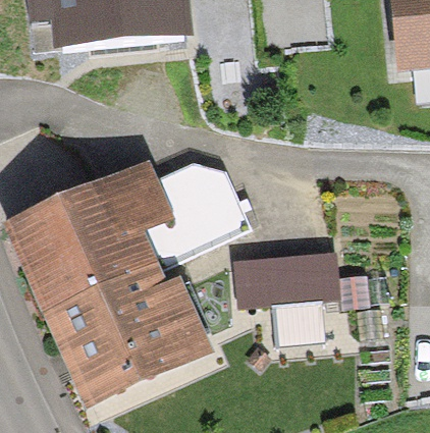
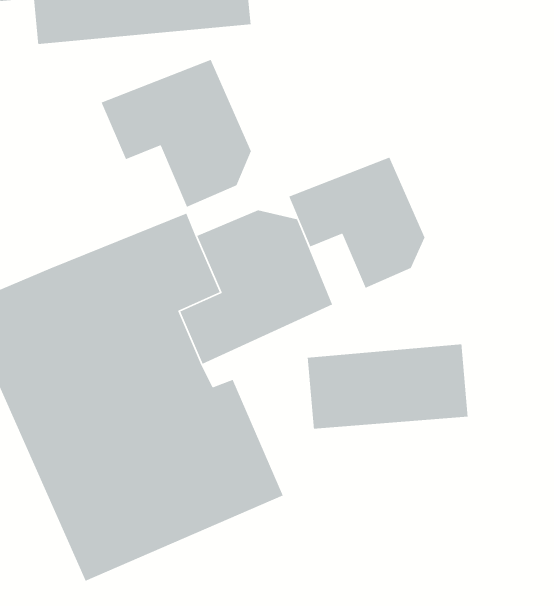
building: none -> [101,59,252,208]
building: none -> [288,156,426,289]

